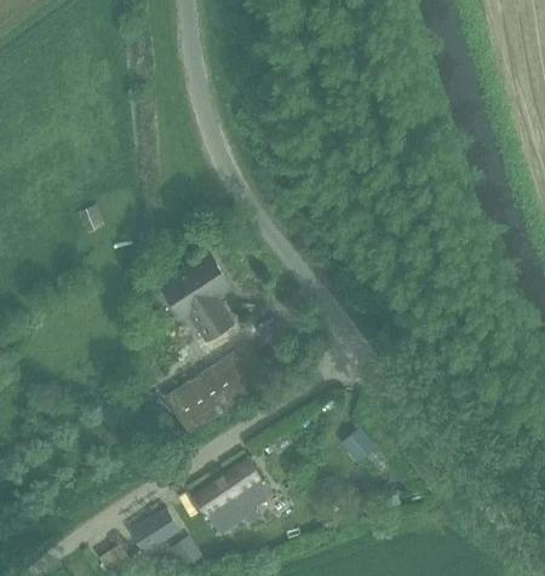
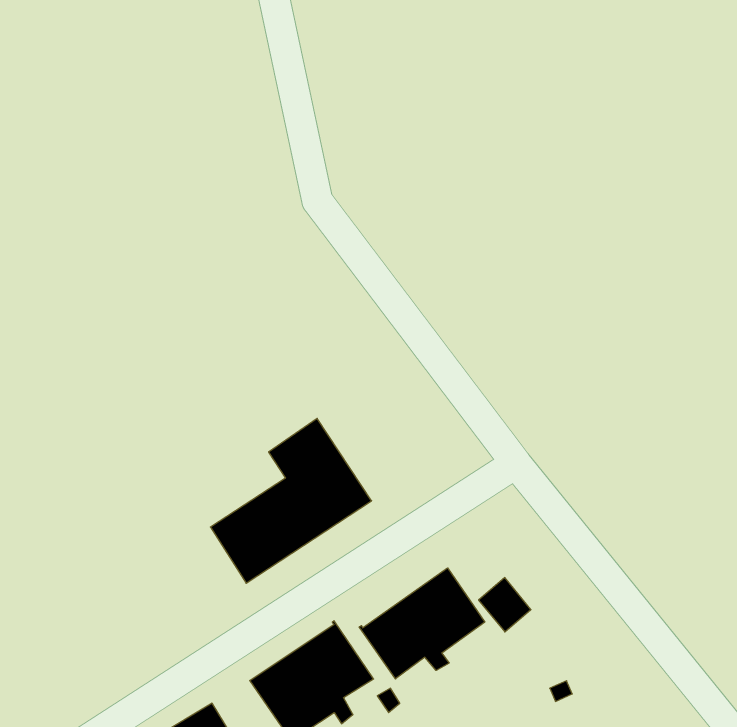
building: [160,255,233,341] -> none
building: none -> [359,568,485,679]

